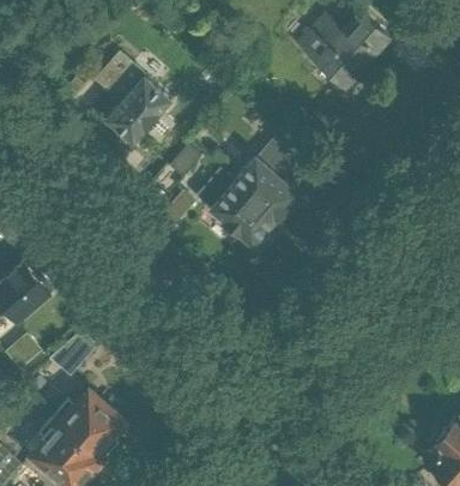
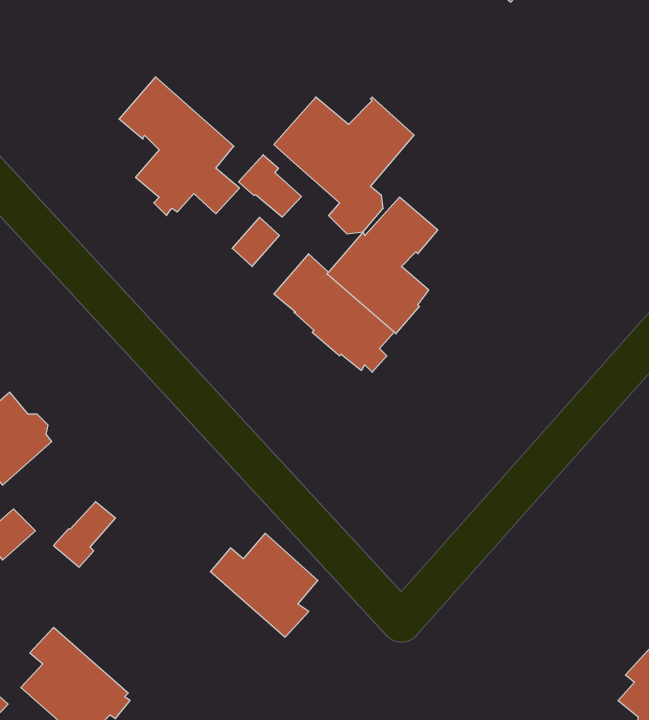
building: [295,12,387,102] -> [274,97,414,234]
building: none -> [239,155,301,217]
building: [52,391,122,460] -> [210,533,318,637]

